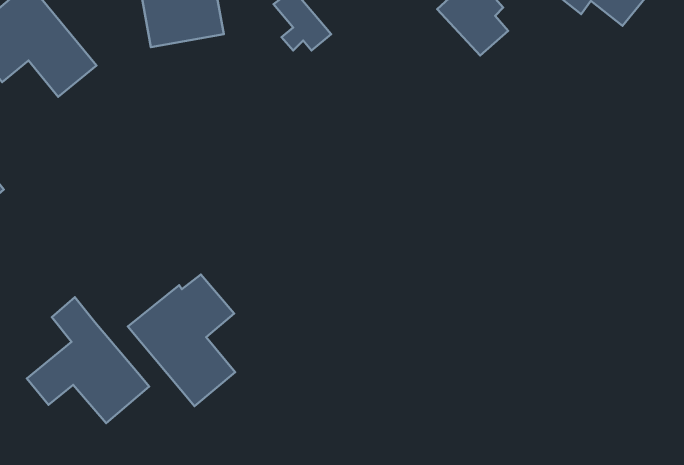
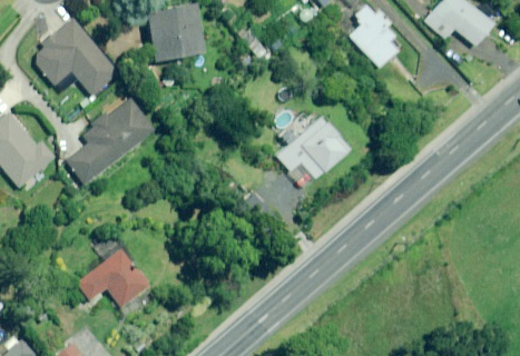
building: none -> [67,96,156,181]
building: none -> [275,115,349,181]
building: [128,274,235,406] -> none

